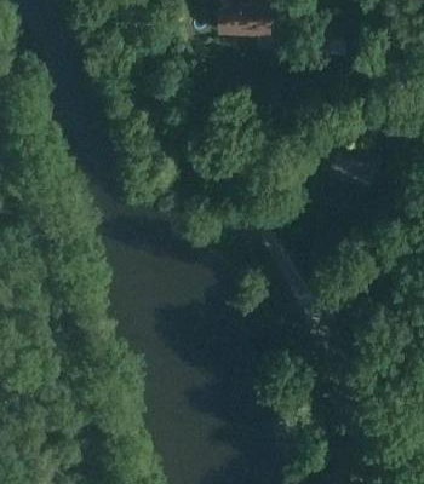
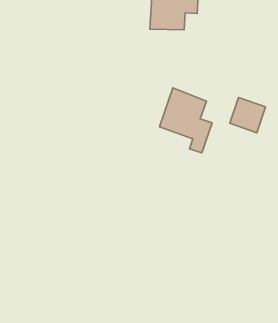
building: none -> [160,88,212,153]

